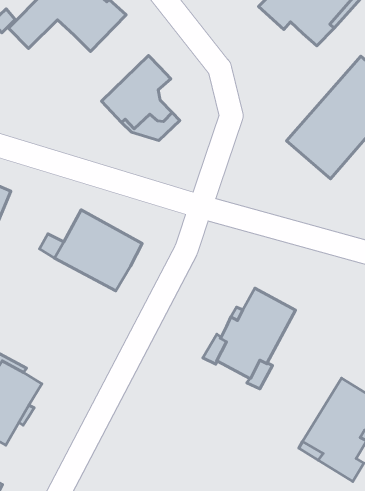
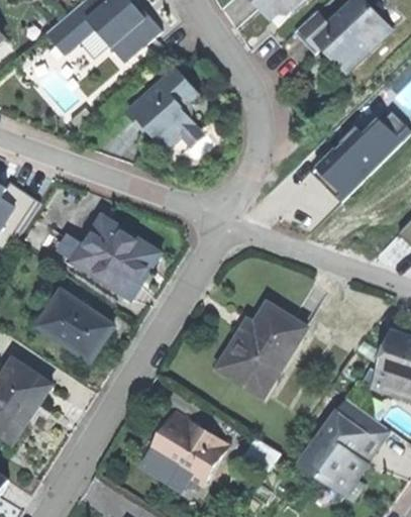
building: none -> [37,292,112,360]
building: none -> [146,420,225,487]

